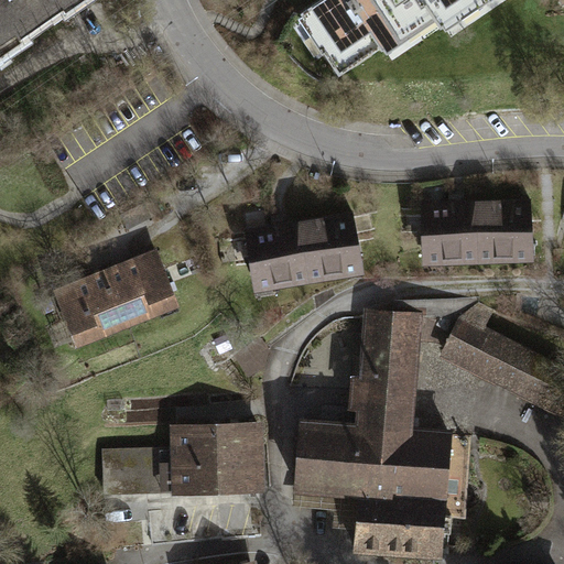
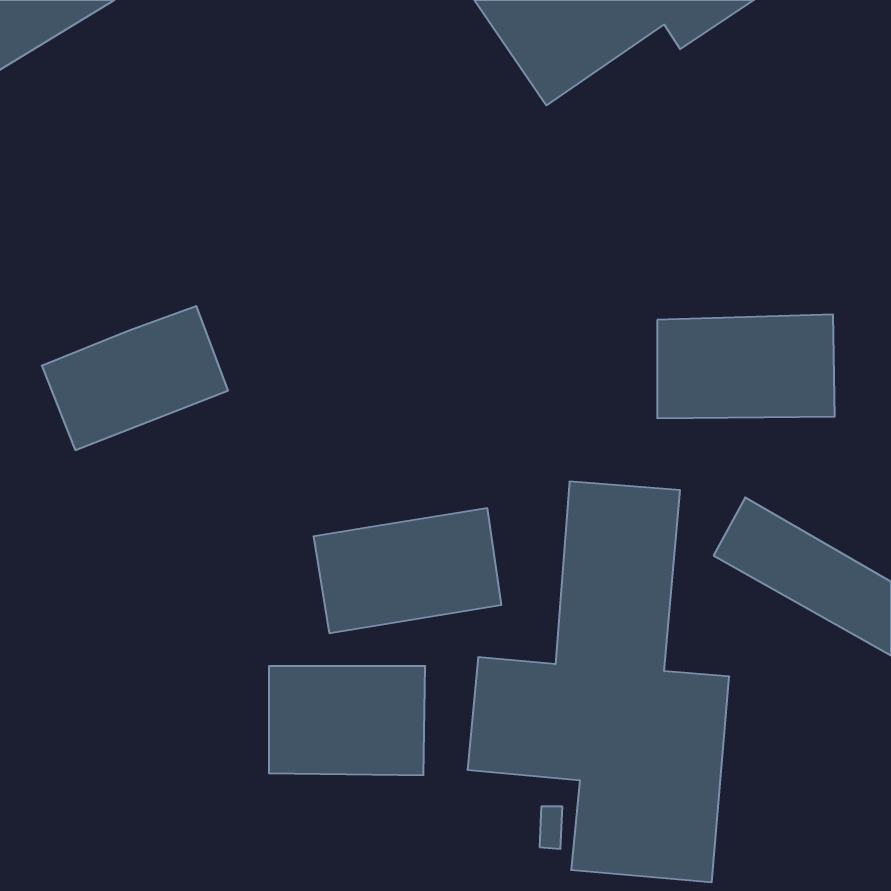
building: [239,215,357,293] -> [313,508,501,633]
building: [51,256,167,346] -> [42,306,228,450]
building: [101,453,151,485] -> none

